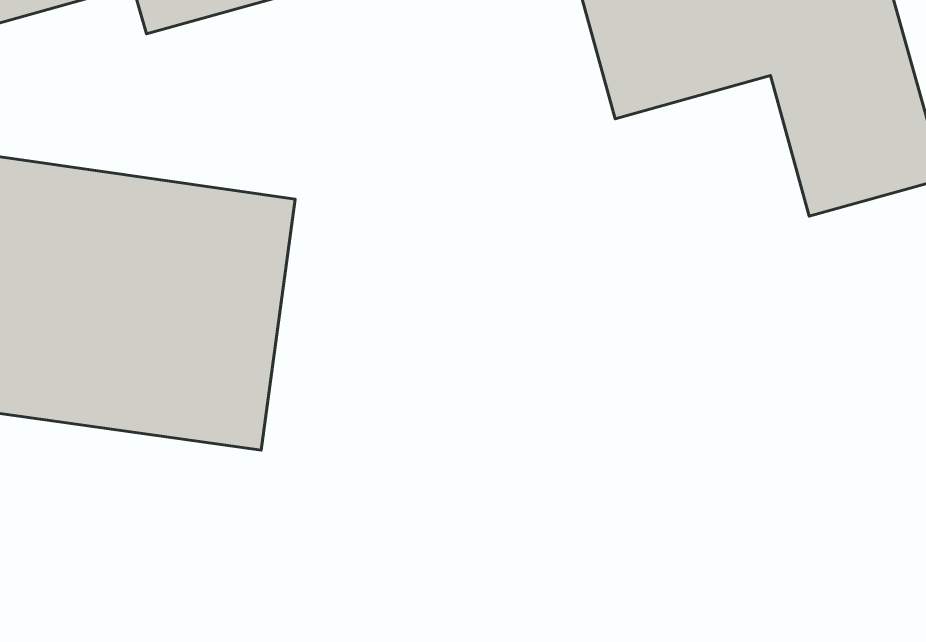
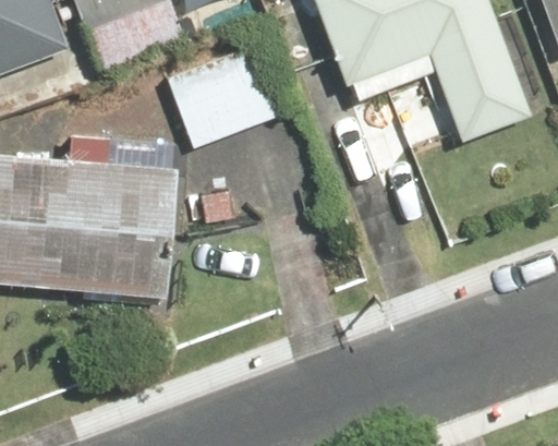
building: none -> [163,45,268,146]

